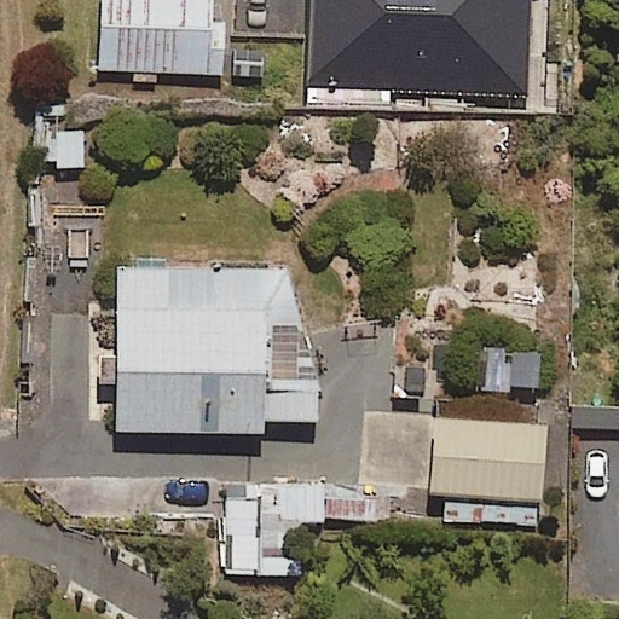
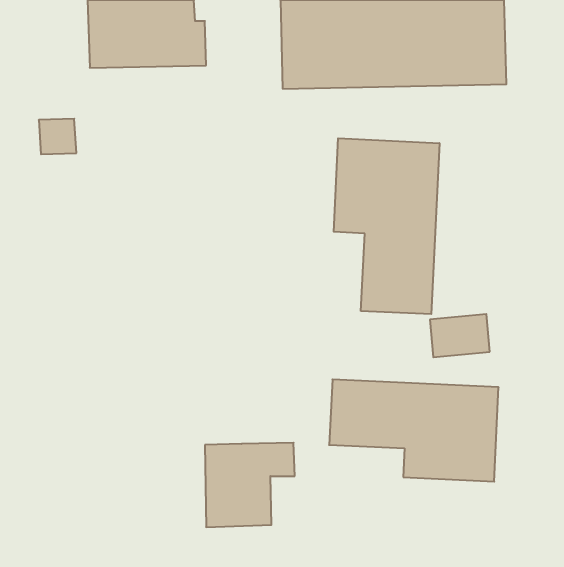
building: none -> [334,138,439,314]
building: [116,266,314,429] -> none

